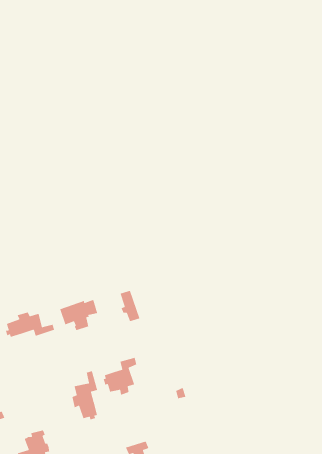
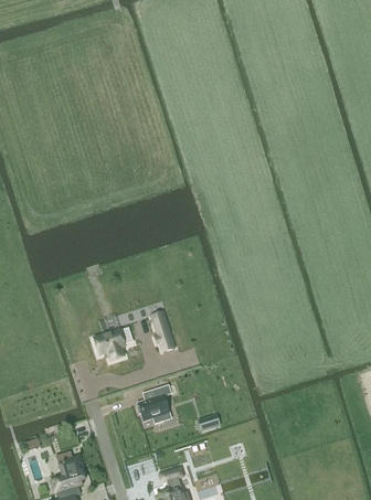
building: [5,311,55,338] -> none
building: [72,370,98,420] -> none

